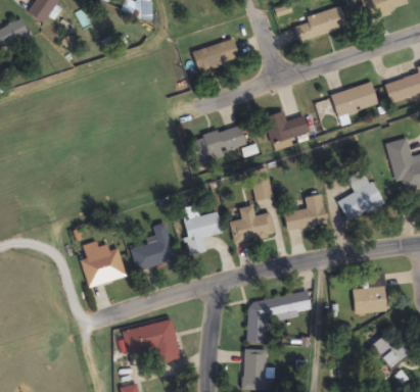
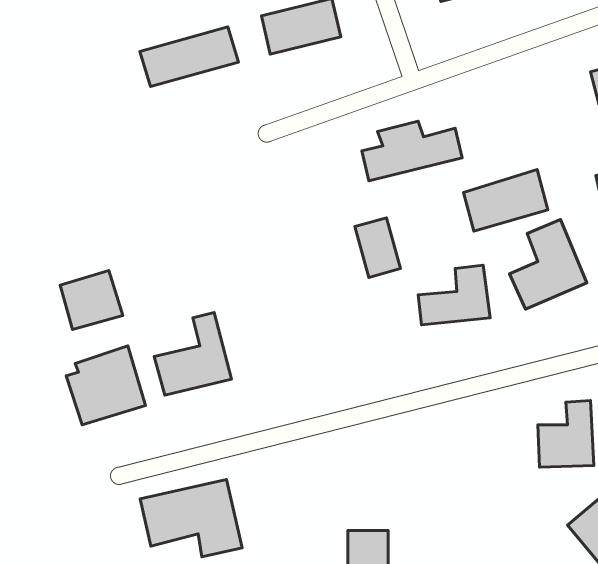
building: [330,81,379,116] -> [463,170,548,231]
building: [190,125,247,159] -> [140,27,238,87]
building: none -> [60,270,123,330]
building: [183,205,222,254] -> none
building: [230,205,275,243] -> none
building: [244,291,313,342] -> none

